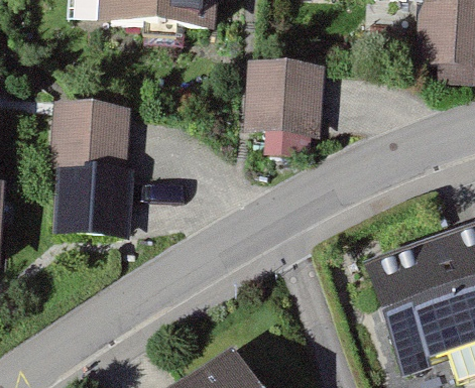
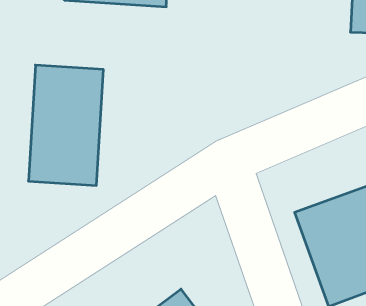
building: [240,68,321,145] -> none

